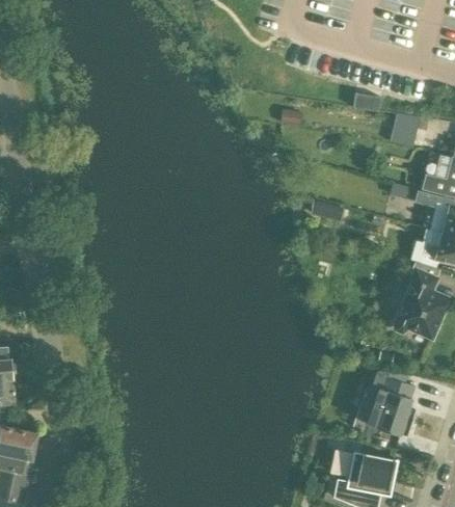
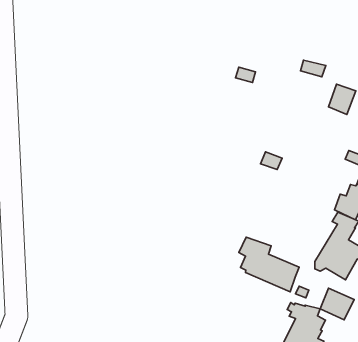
building: none -> [239,237,299,292]
building: none -> [320,288,354,320]

